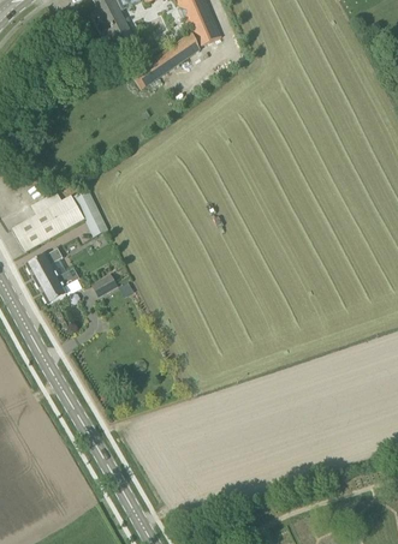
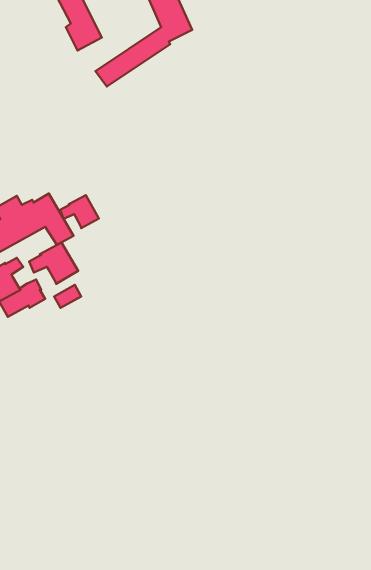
building: none -> [60,195,99,228]
building: none -> [29,242,78,284]

